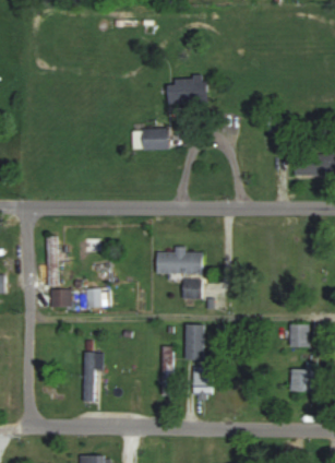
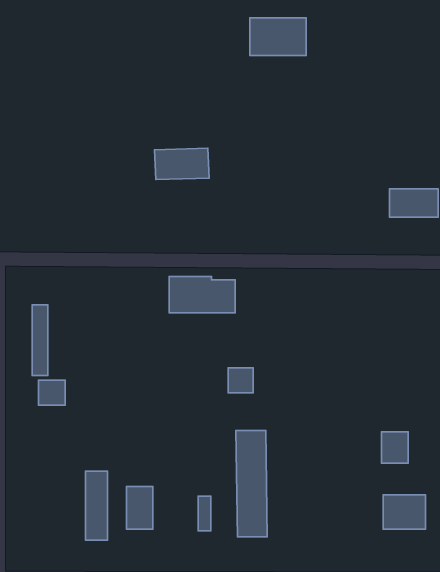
building: [168,76,207,103] -> [250,18,306,56]
building: [156,249,202,274] -> [169,277,235,313]
building: none -> [126,486,153,529]

